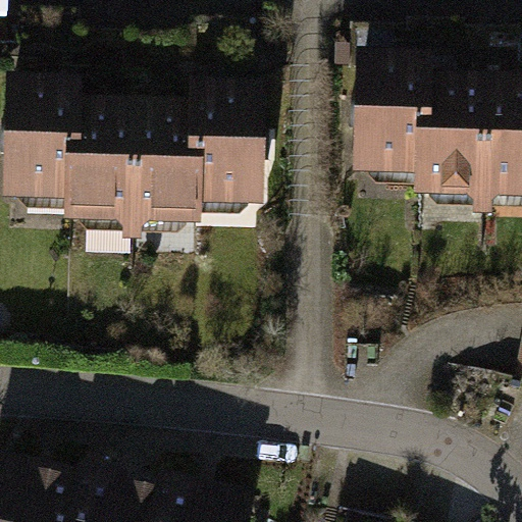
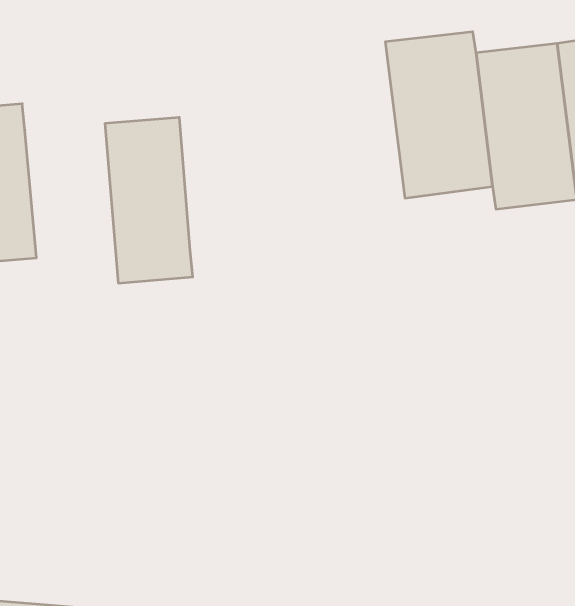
building: [191,105,261,222] -> none
building: [72,117,136,241] -> none

